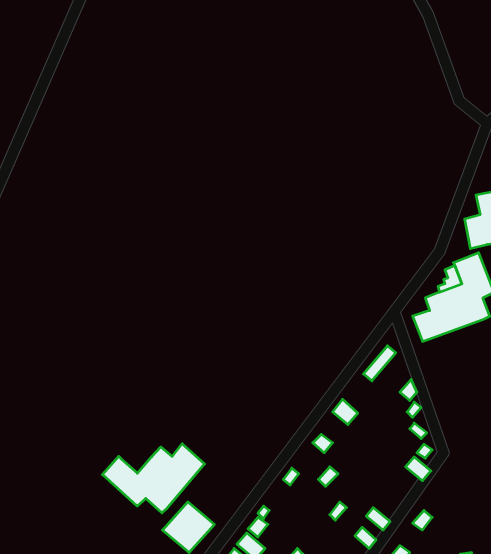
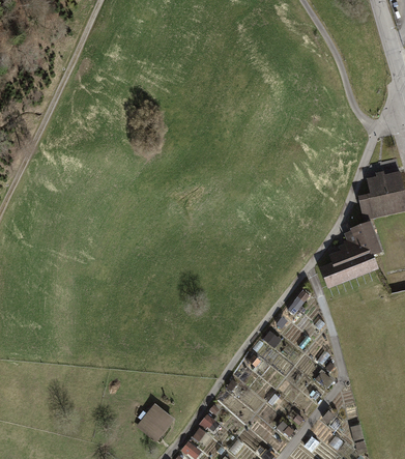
building: [102,444,205,513] -> none

